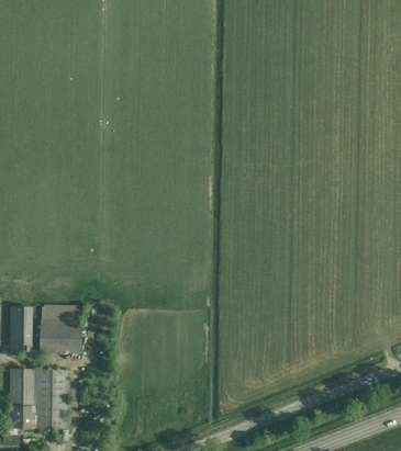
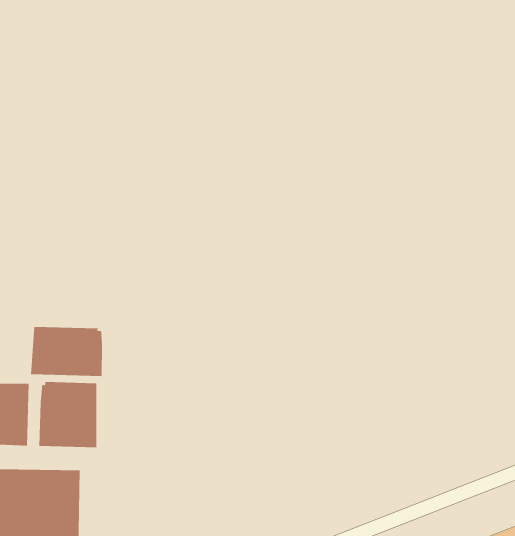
building: none -> [30,326,102,377]

